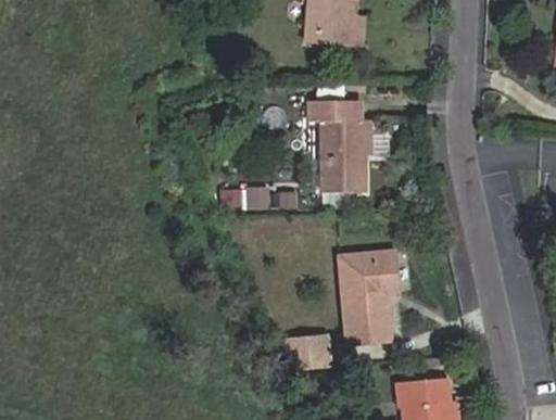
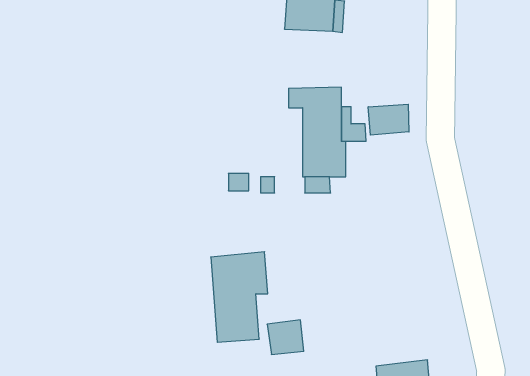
building: none -> [368,104,409,135]
building: [340,251,397,342] -> [211,252,268,342]

